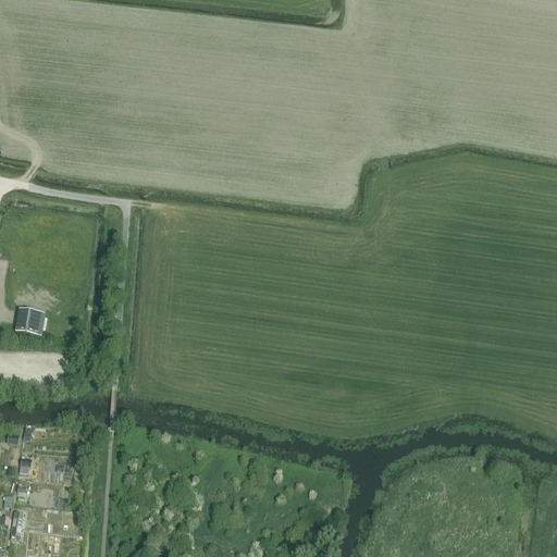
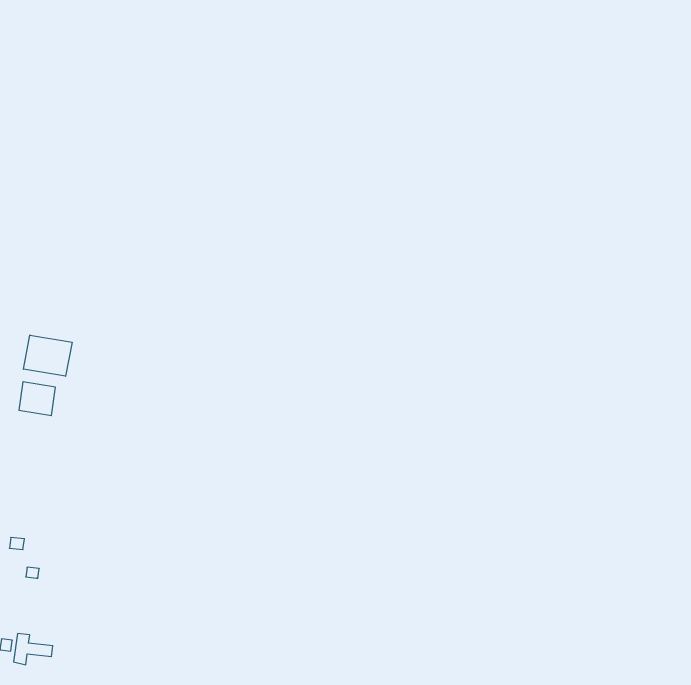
building: none -> [23,335,72,376]

